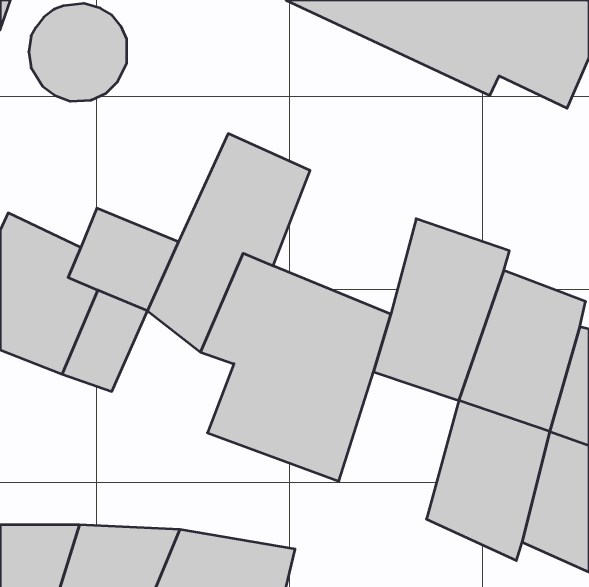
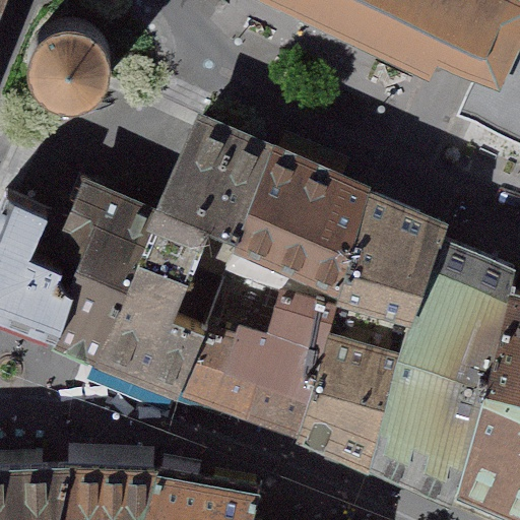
building: none -> [241,151,367,278]
building: none -> [99,275,206,383]
building: none -> [299,329,404,459]

